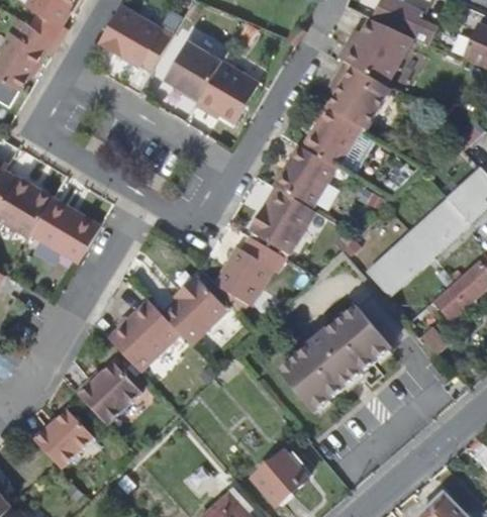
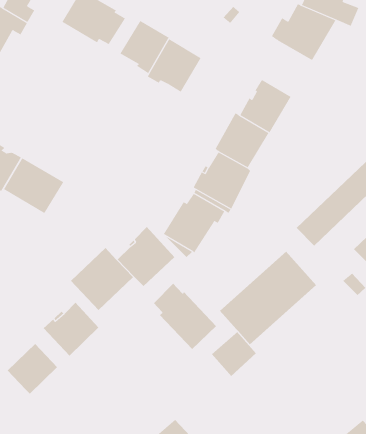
building: [327,63,391,130] -> none
building: none -> [153,283,217,350]
building: [252,455,304,508] -> [211,331,257,377]

